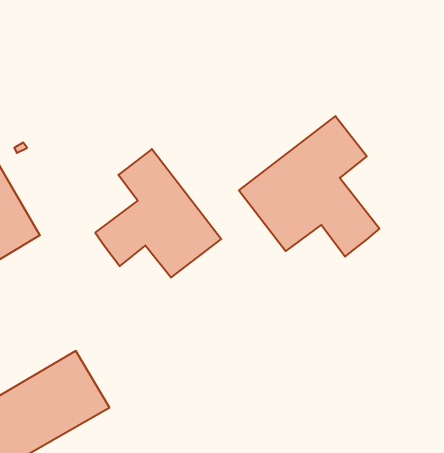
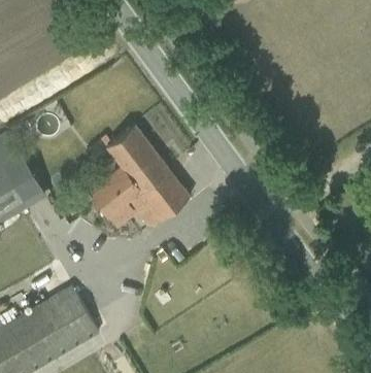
building: [239,116,379,257] -> none

